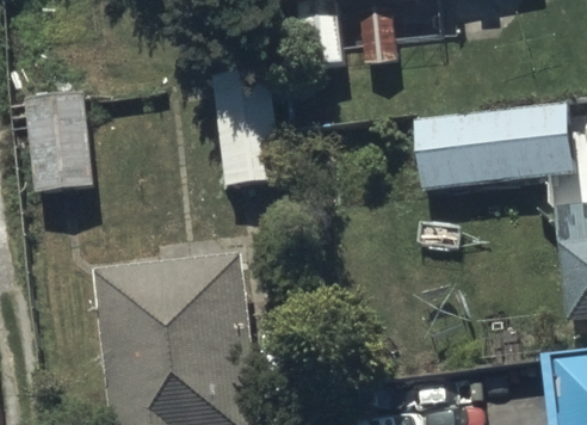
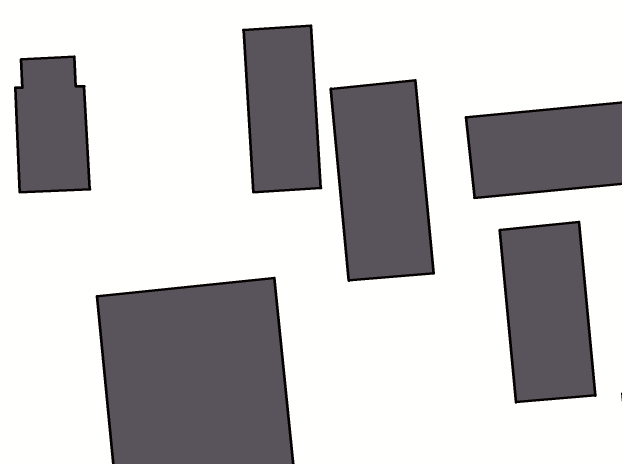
building: none -> [331,80,434,281]
building: none -> [500,222,595,402]

